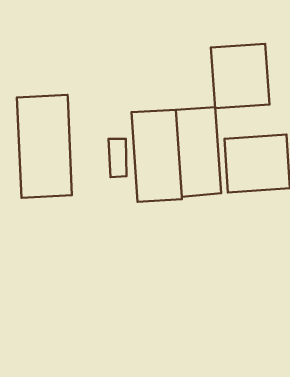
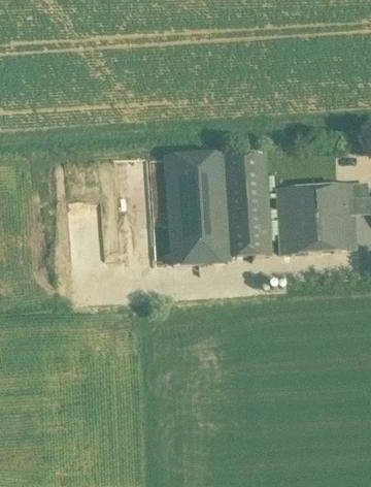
building: [211,44,270,108] -> none
building: [17,95,72,198] -> none

